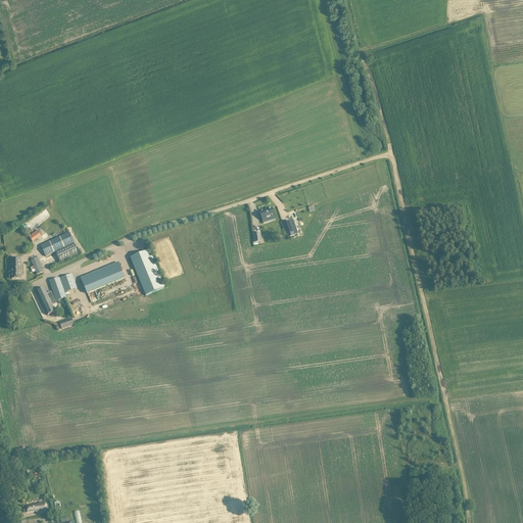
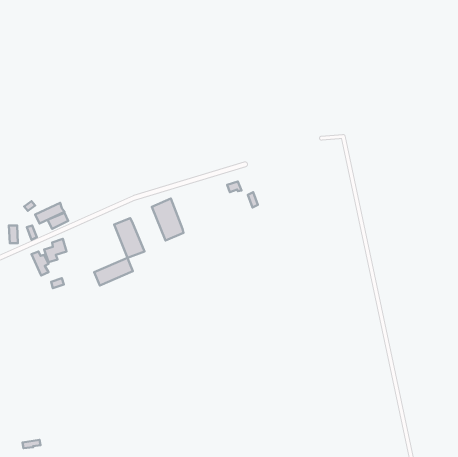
building: none -> [152,199,184,240]
building: [80,260,124,292] -> [94,258,133,286]

